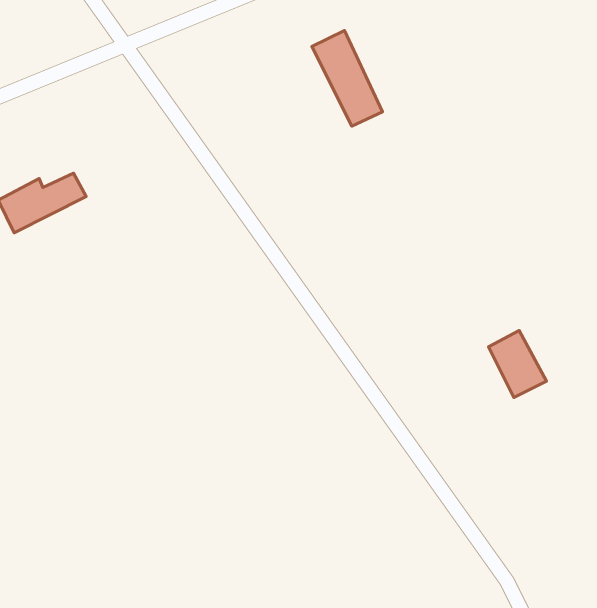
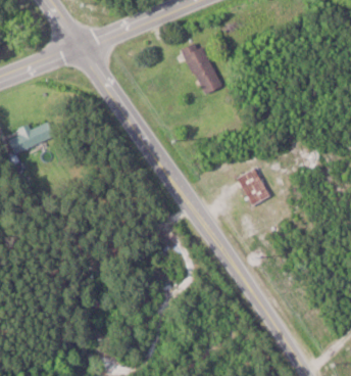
building: [489,331,546,397] -> [237,168,269,205]

